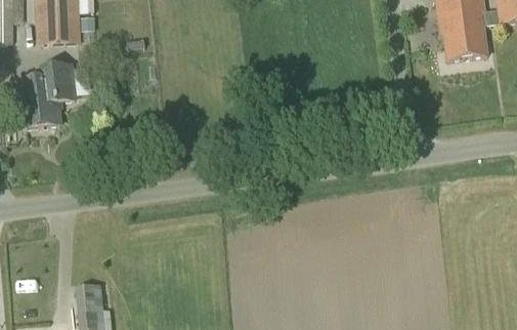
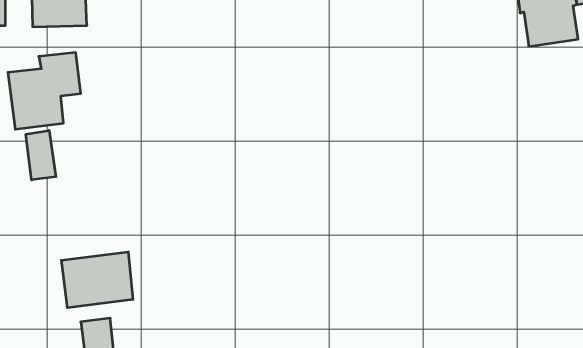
building: none -> [26,130,56,180]
building: none -> [61,252,133,308]

